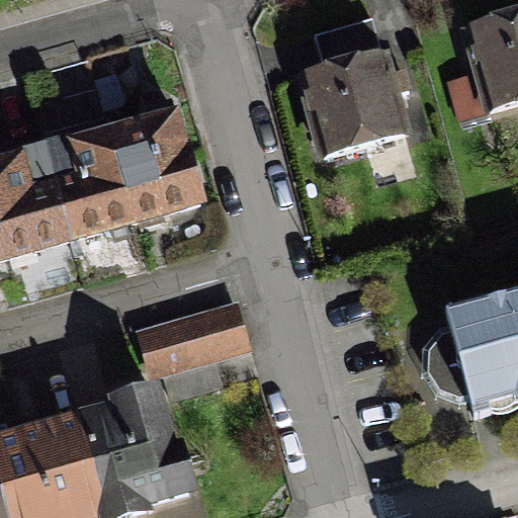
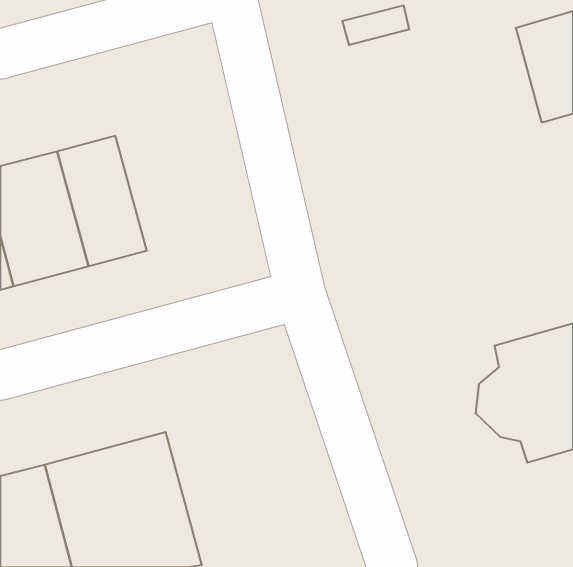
building: [289,47,408,167] -> none
building: [104,87,208,226] -> none
building: [136,300,245,395] -> none

